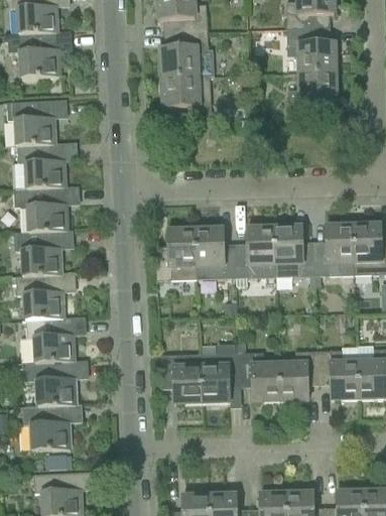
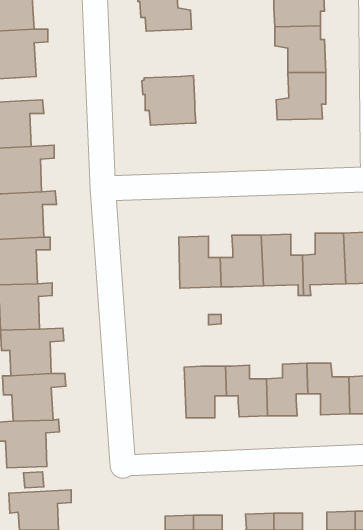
building: [159,31,214,78] -> none
building: [155,230,197,280] -> none
building: [160,354,203,403] -> none

